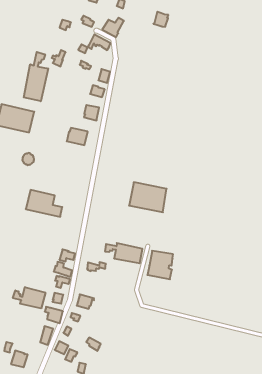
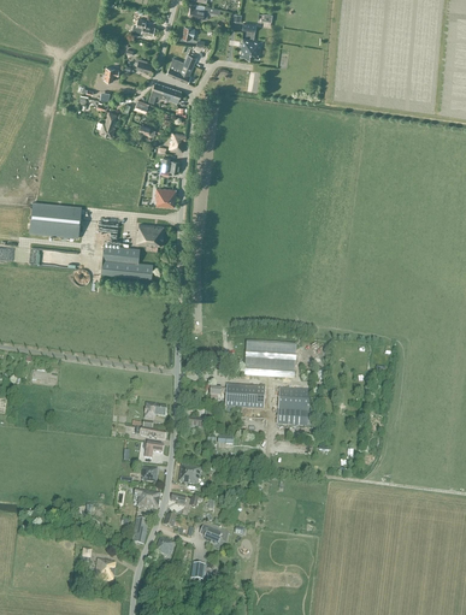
building: [24,52,48,101] -> none
building: [129,182,167,212] -> [244,341,296,379]
building: [26,190,62,217] -> [100,244,153,278]
building: [13,287,45,308] -> none

